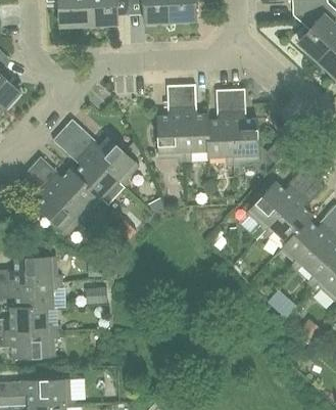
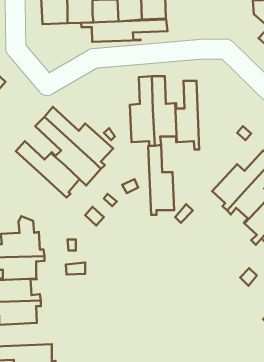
building: none -> [81,20,167,42]
building: [230,89,258,166] -> [148,145,174,215]
building: [21,168,87,234] -> none

